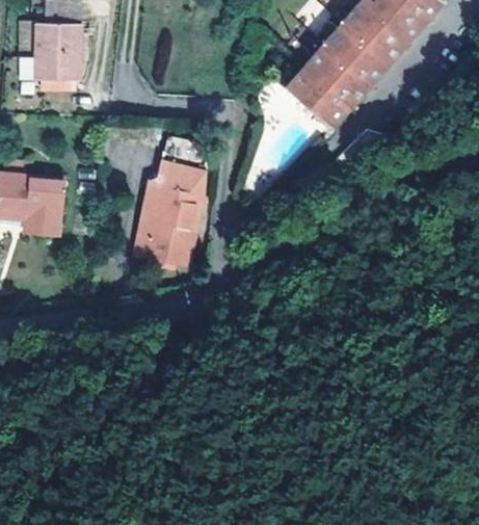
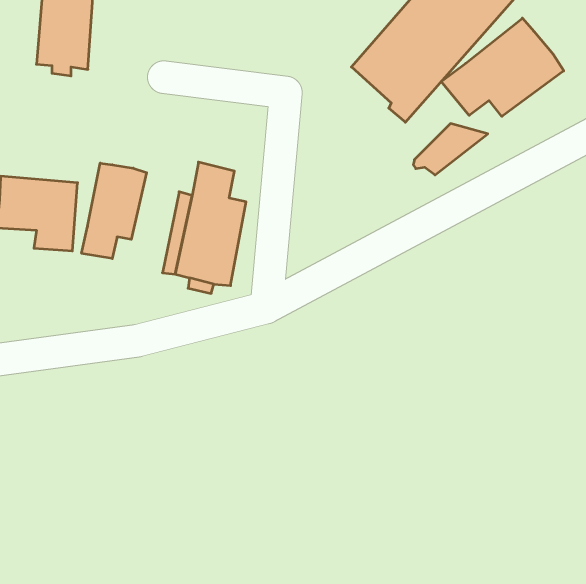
building: none -> [441,18,564,116]
building: none -> [82,163,147,259]

